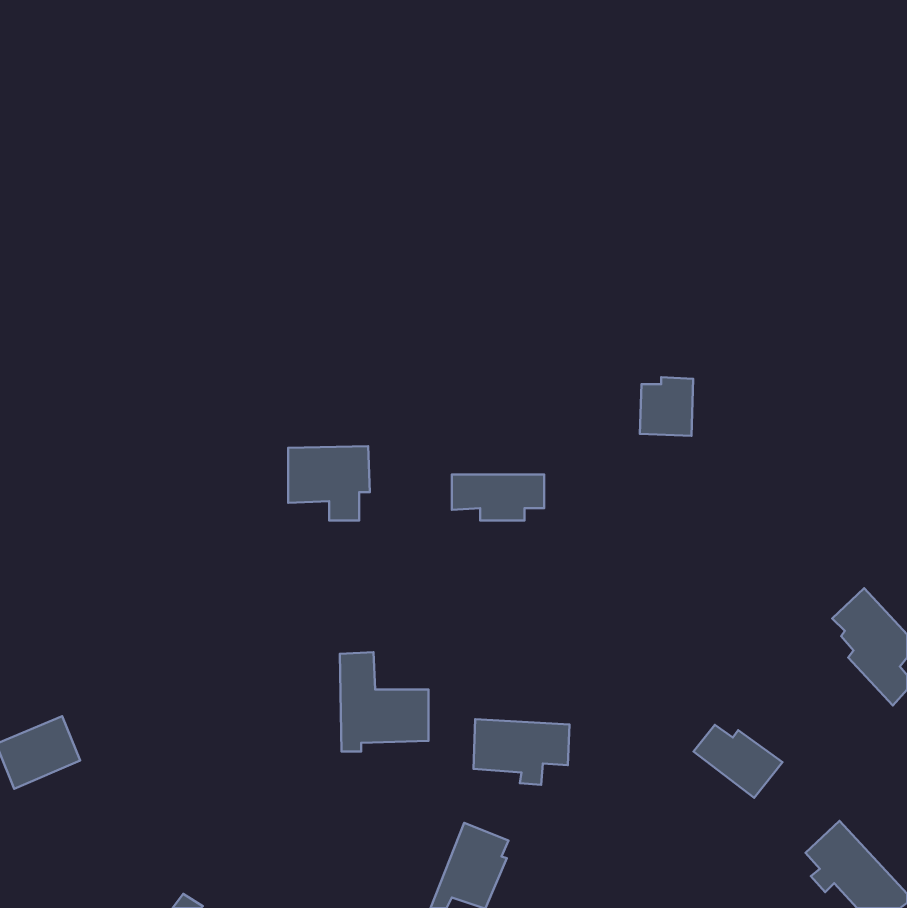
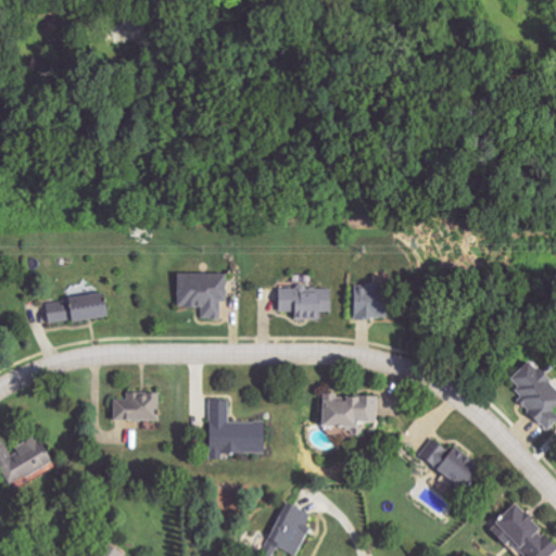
building: [640,377,693,436] -> [351,282,383,318]
building: none -> [45,293,103,324]
building: none -> [112,392,160,420]
building: [474,719,570,785] -> [318,394,377,434]

